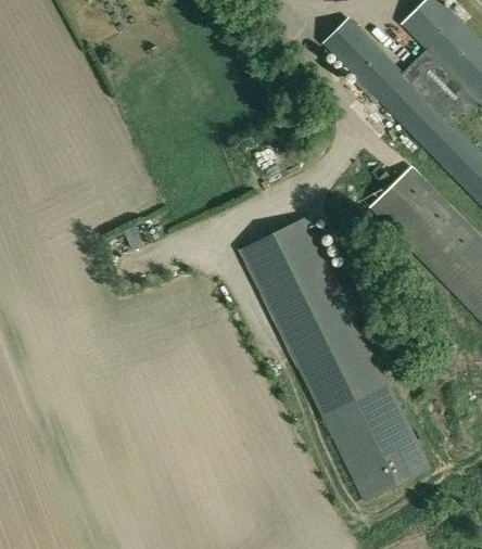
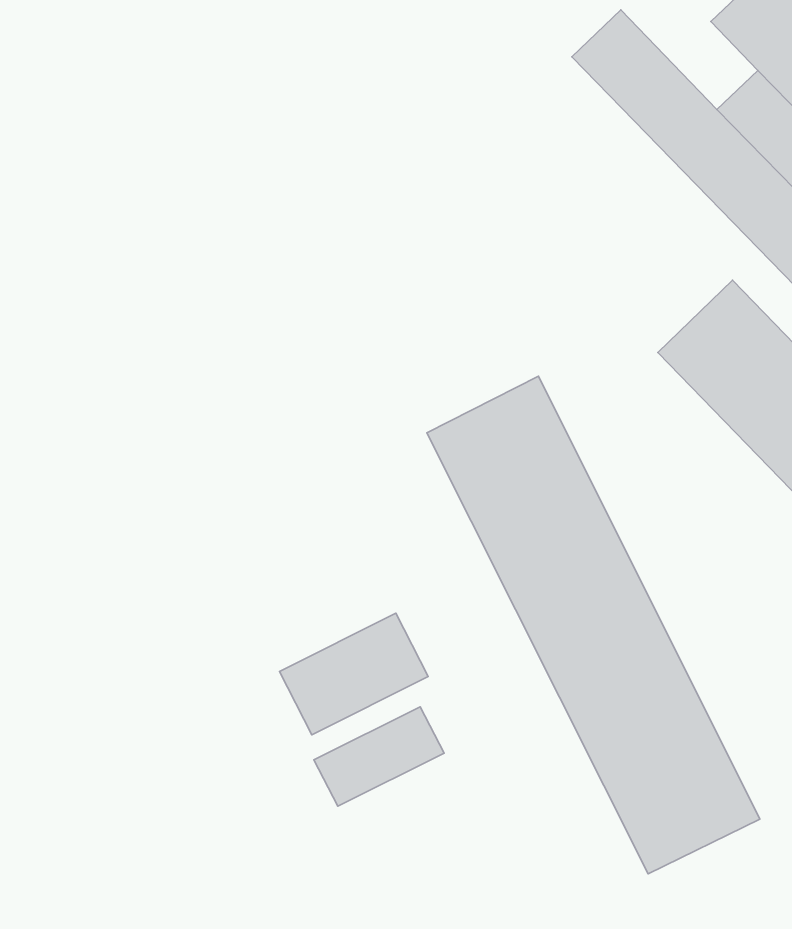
building: none -> [279,613,428,735]
building: none -> [314,707,444,806]

